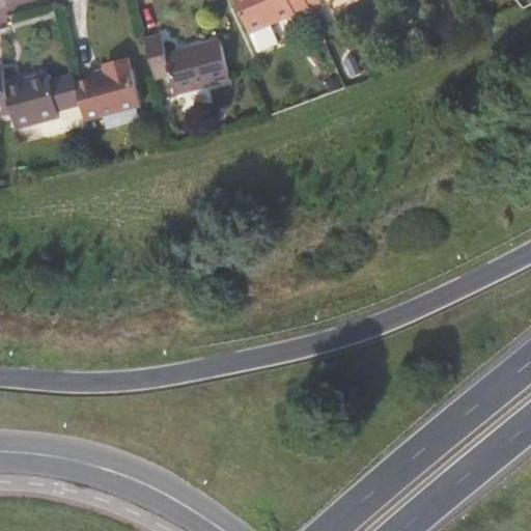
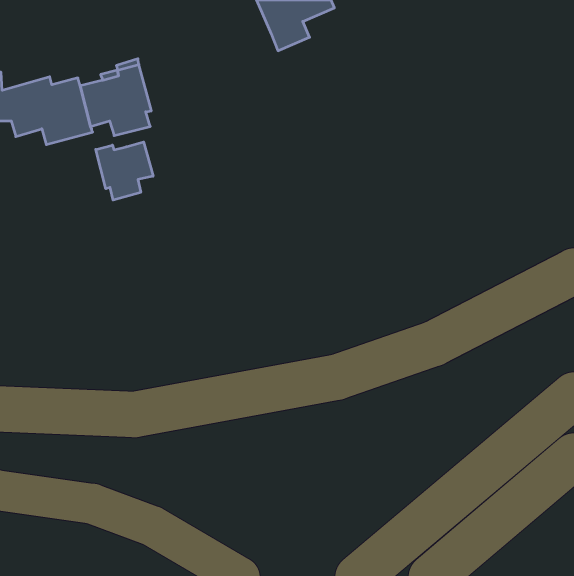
building: [139,20,226,80] -> none
building: none -> [96,142,153,200]

